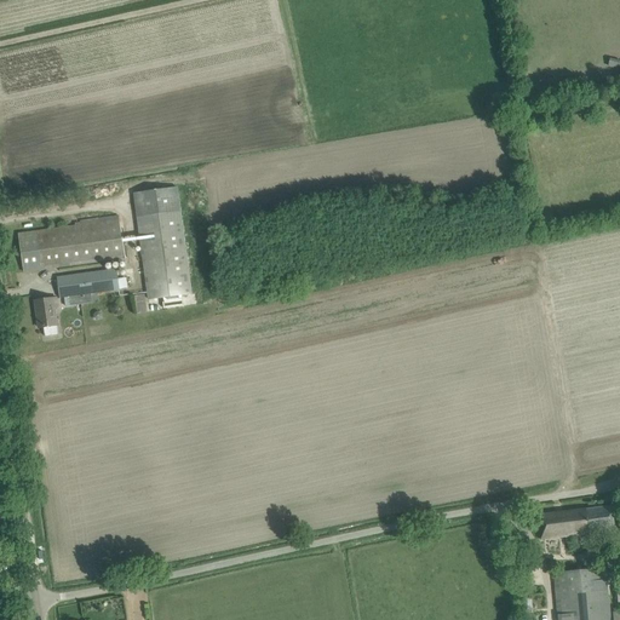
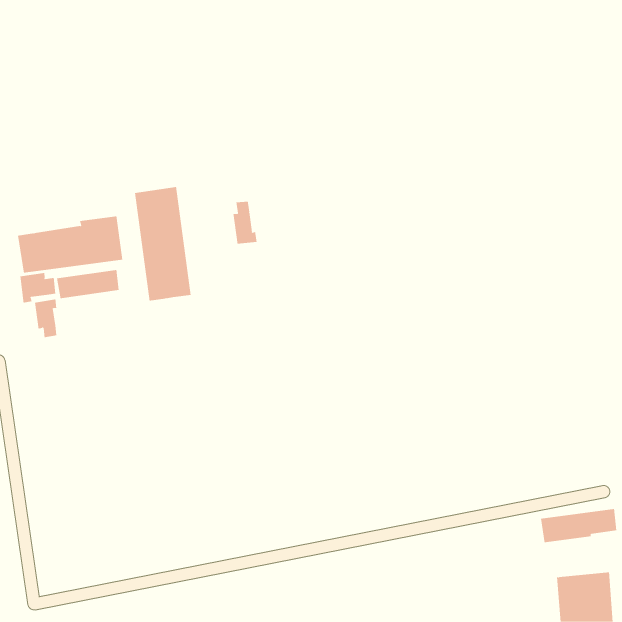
building: none -> [233,201,257,244]
building: none -> [20,272,56,303]

